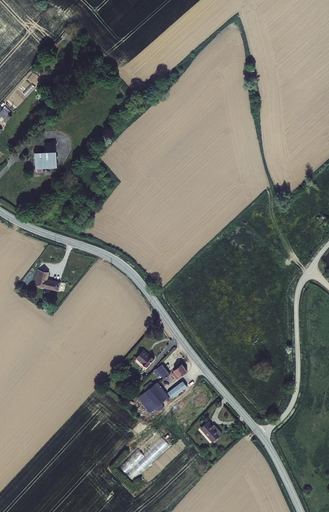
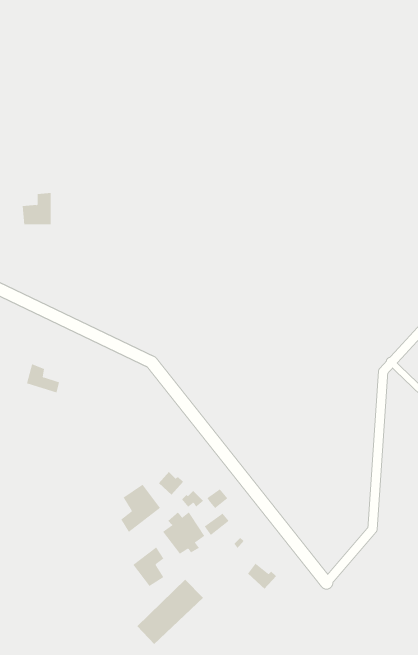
building: none -> [120,484,161,533]
building: none -> [132,546,164,587]

